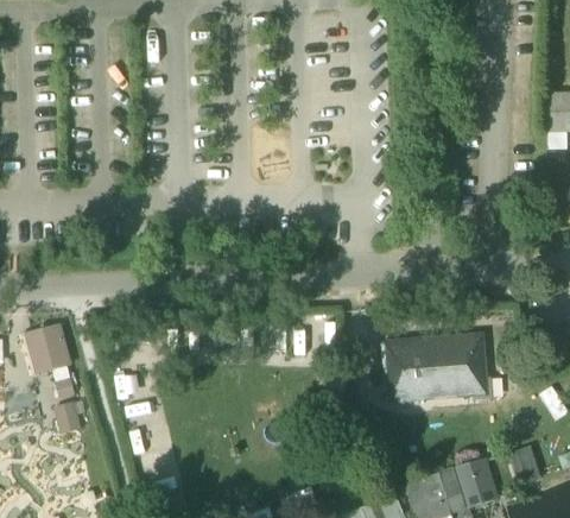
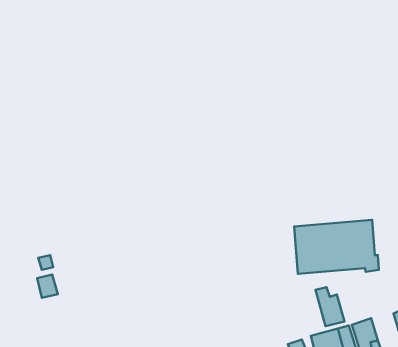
building: [28,327,69,372] -> none
building: none -> [316,287,345,326]

